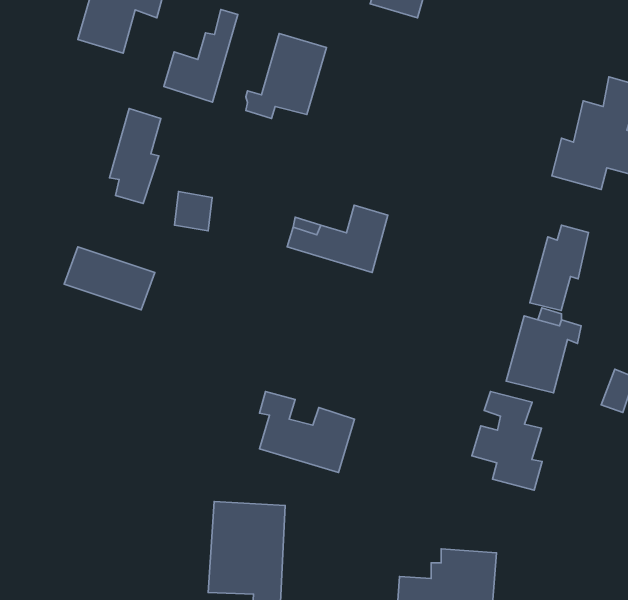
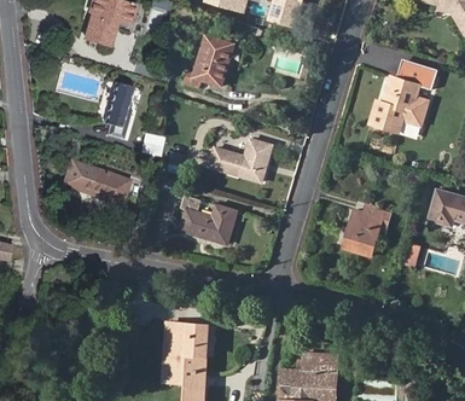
building: [164,10,238,102] -> none
building: [530,225,588,310] -> none
building: [472,391,542,490] -> none
building: [260,392,354,473] -> [180,194,238,244]

